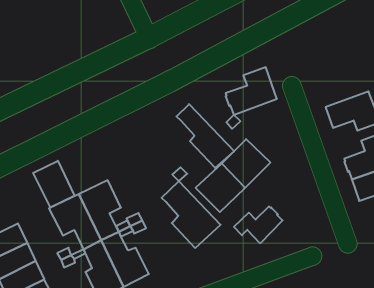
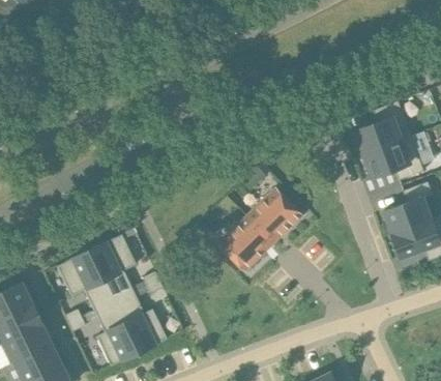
building: [226,67,277,115] -> [353,100,410,153]
building: [176,104,234,168] -> none
building: [33,161,74,208] -> none
building: [162,181,221,248] -> none
building: [234,206,283,243] -> none

